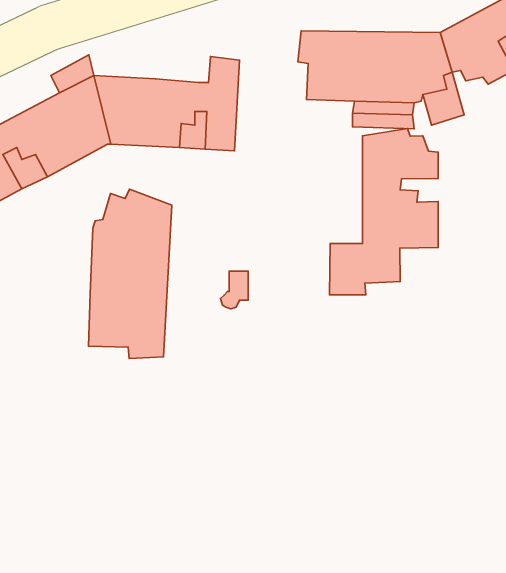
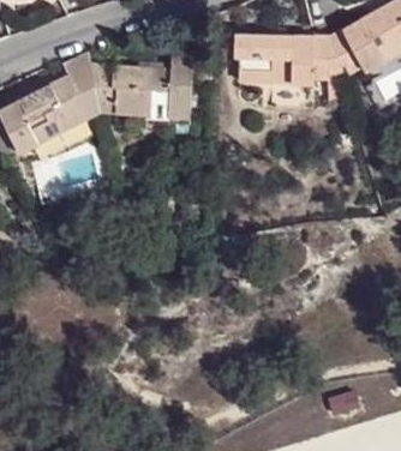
building: [329,128,438,295] -> none
building: [89,189,172,358] -> none

